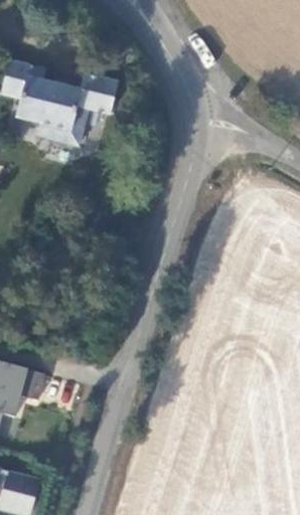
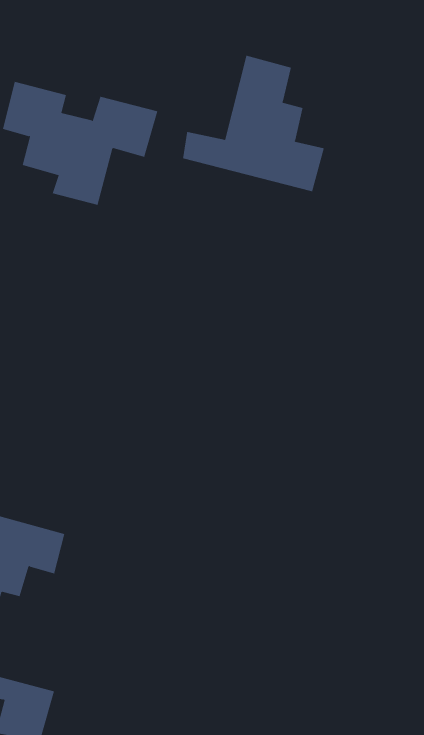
building: none -> [182,55,324,192]

